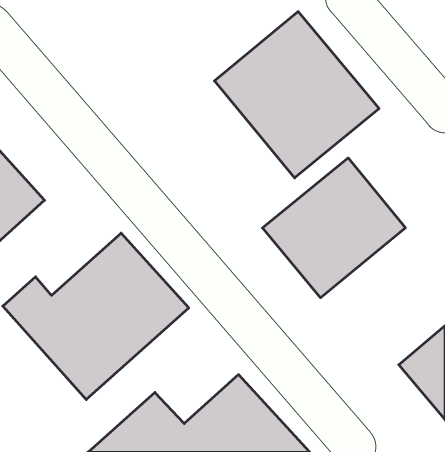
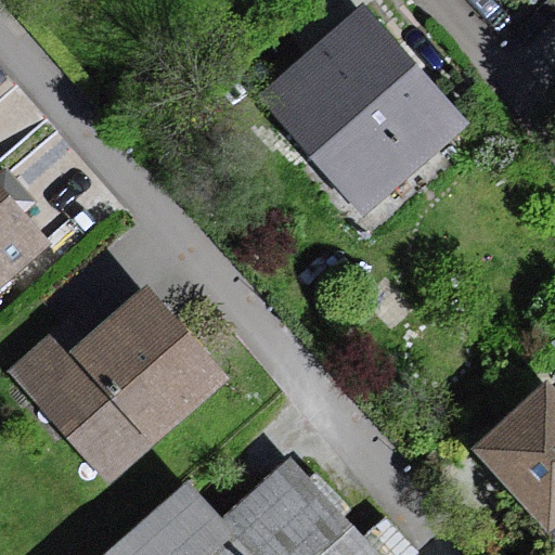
building: [262,158,405,298] -> none

